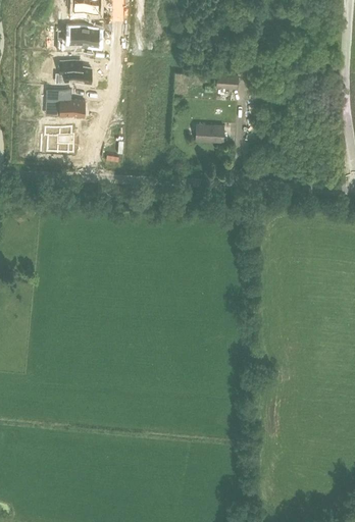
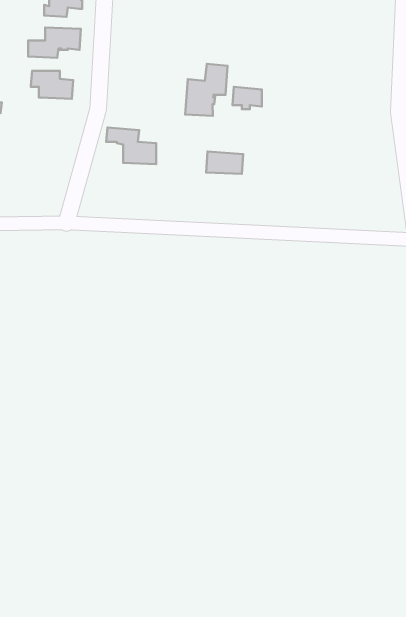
building: none -> [185,64,227,116]
building: [46,89,85,117] -> [106,127,156,164]
building: [45,126,74,152] -> none

